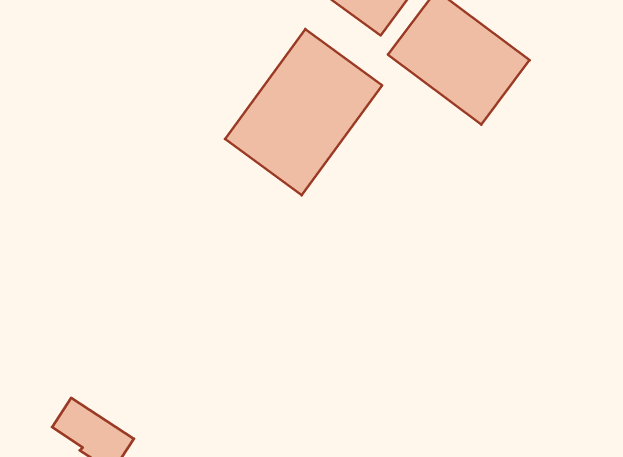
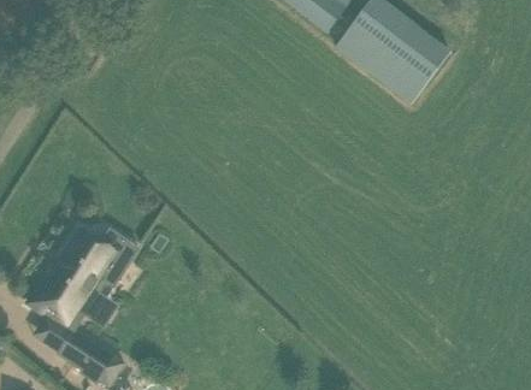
building: [225,29,382,195] -> none
building: none -> [28,228,138,327]

